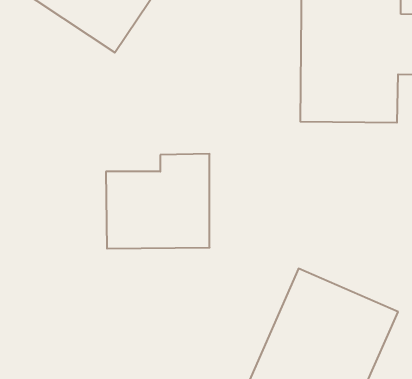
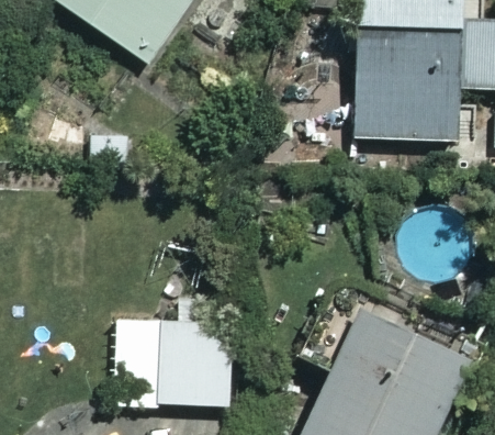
building: [106,154,210,249] -> [119,302,234,408]

